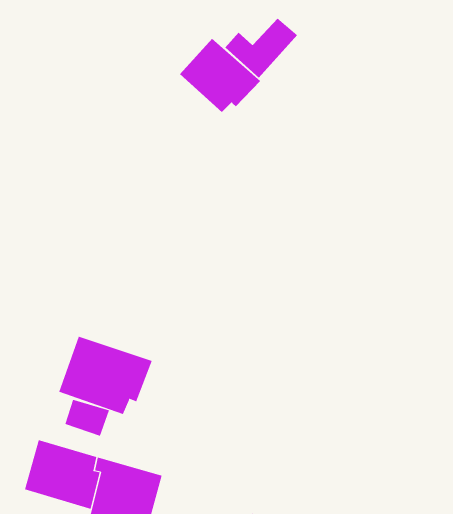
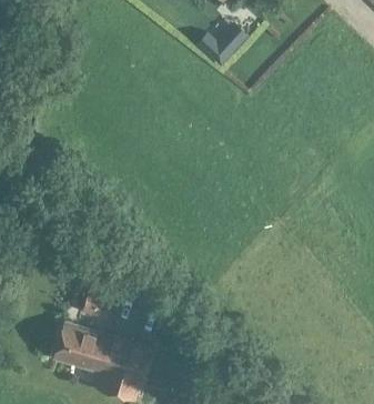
building: [179,38,261,113] -> none
building: [59,336,152,415] -> none

